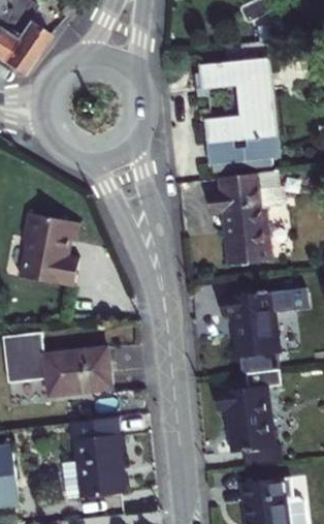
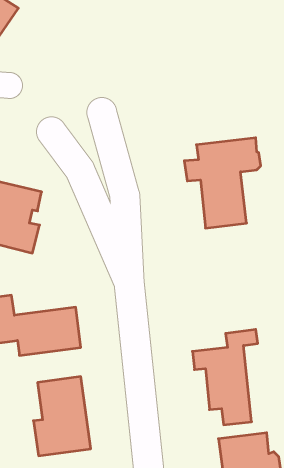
building: [203,56,290,164] -> none
building: [231,288,294,371] -> none

